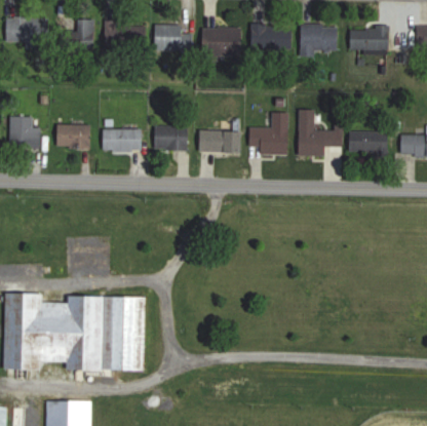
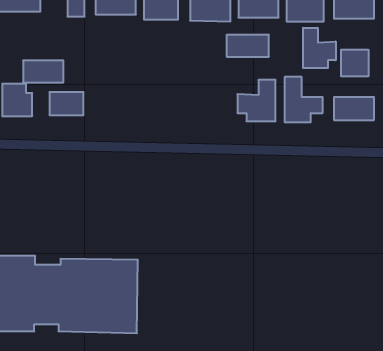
building: none -> [303,28,336,68]
building: none -> [341,50,368,76]
building: [155,125,189,149] -> none
building: [103,128,144,151] -> [23,60,63,82]
building: [199,129,242,152] -> [227,35,269,57]

